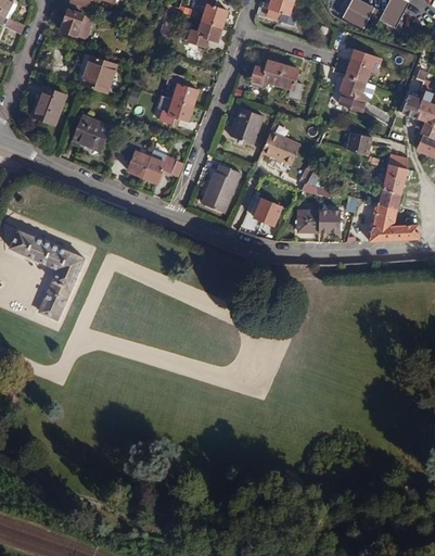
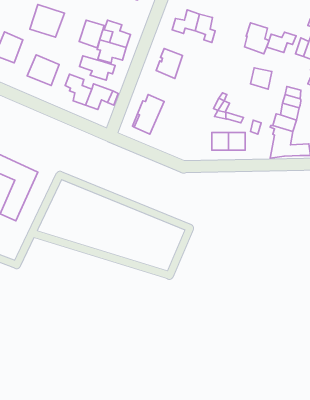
building: [346,56,382,81] -> [267,32,296,53]
building: none -> [79,20,104,48]
building: none -> [80,56,115,80]
building: [261,130,300,164] -> none
building: [247,193,283,226] -> none

